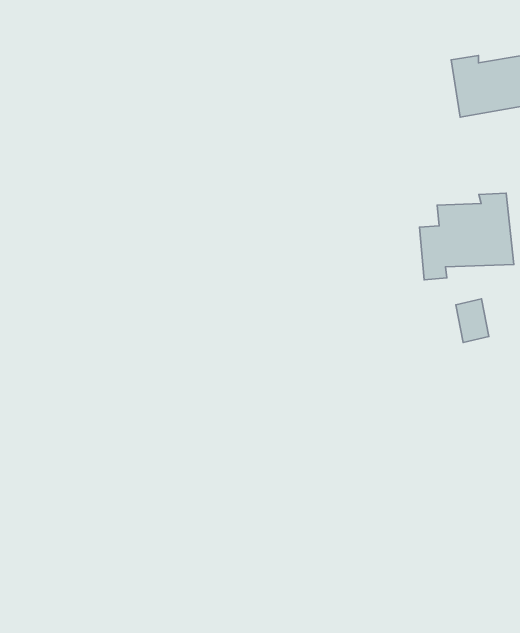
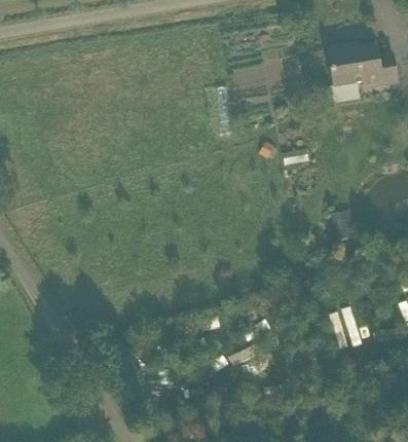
building: [419,193,514,280] -> none

